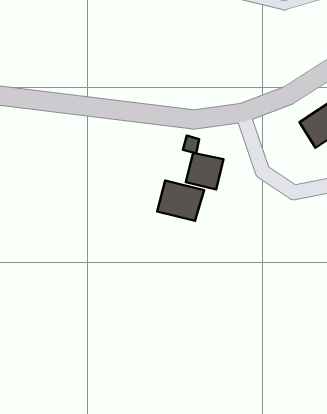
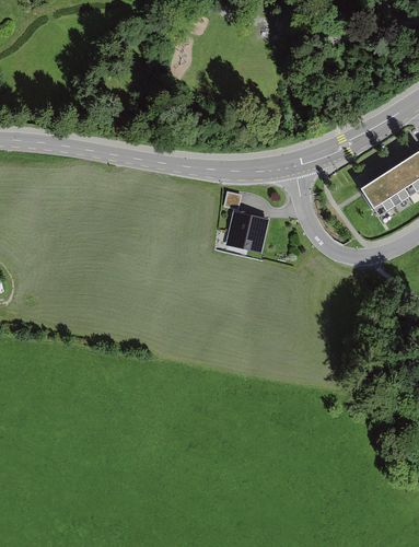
building: [157,181,204,221] -> none

